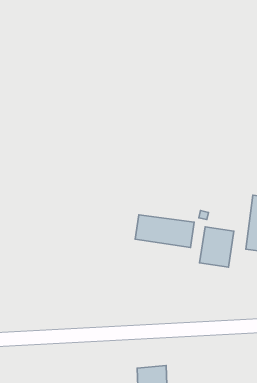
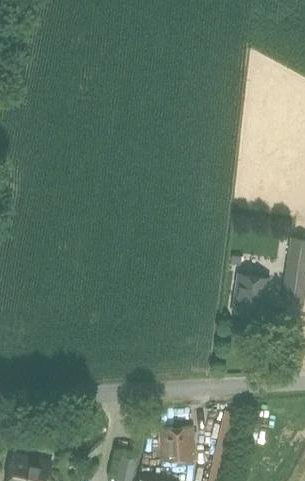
building: [135,215,194,247] -> none

